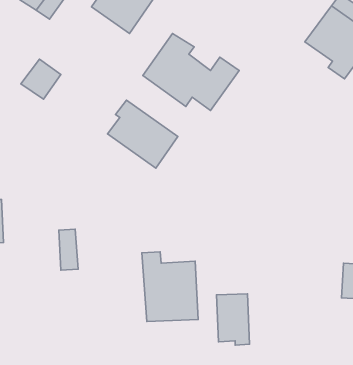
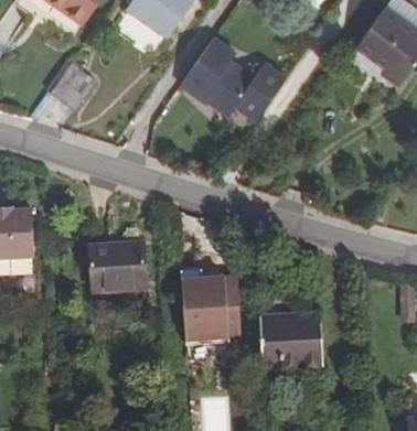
building: [108,100,178,168] -> none
building: none -> [108,245,147,290]
building: none -> [293,314,321,370]

